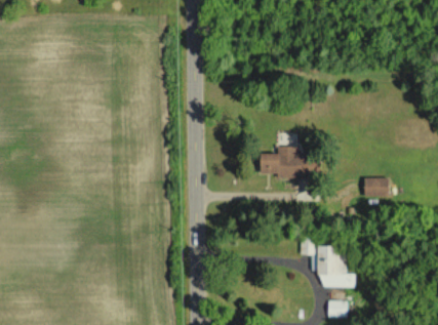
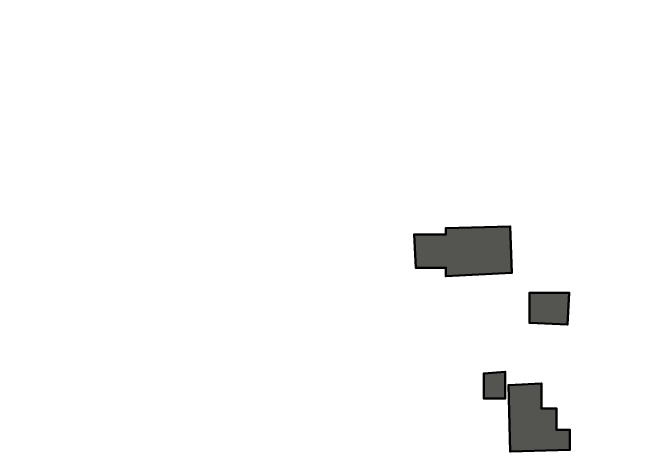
building: [364,177,389,197] -> [529,293,569,324]

